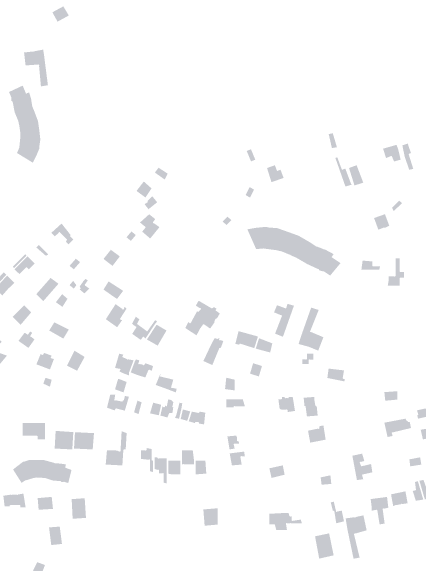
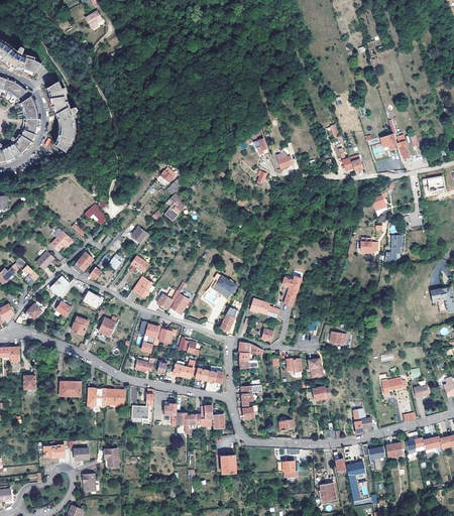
building: [24,49,49,87] -> none
building: [246,226,342,276] -> none
building: [298,307,324,352] -> none
building: [12,459,72,484] -> none

